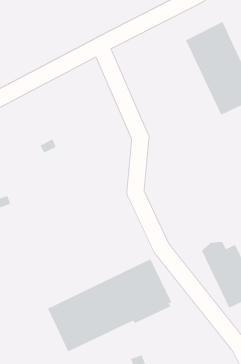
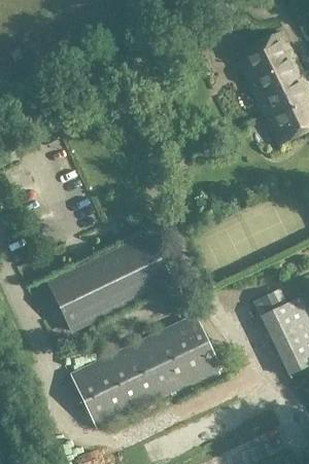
building: none -> [47,236,169,329]

